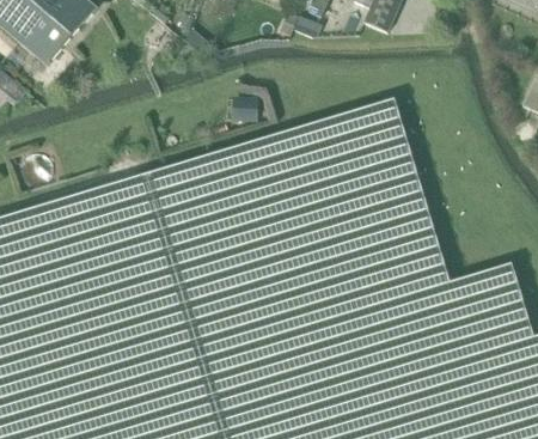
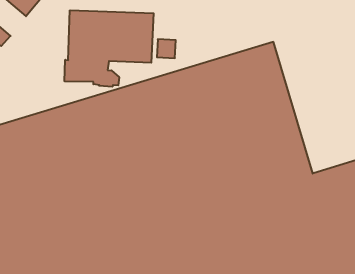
building: none -> [65,10,154,87]

